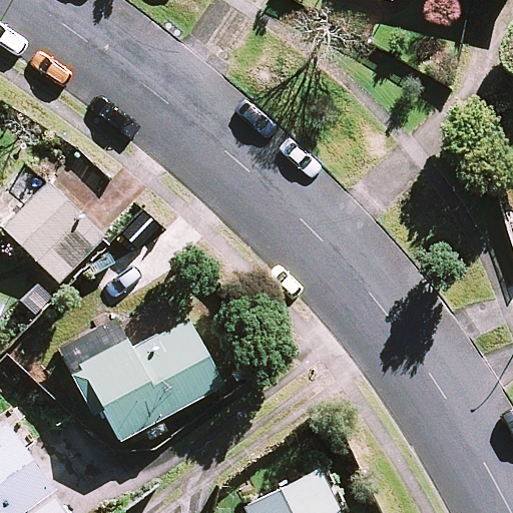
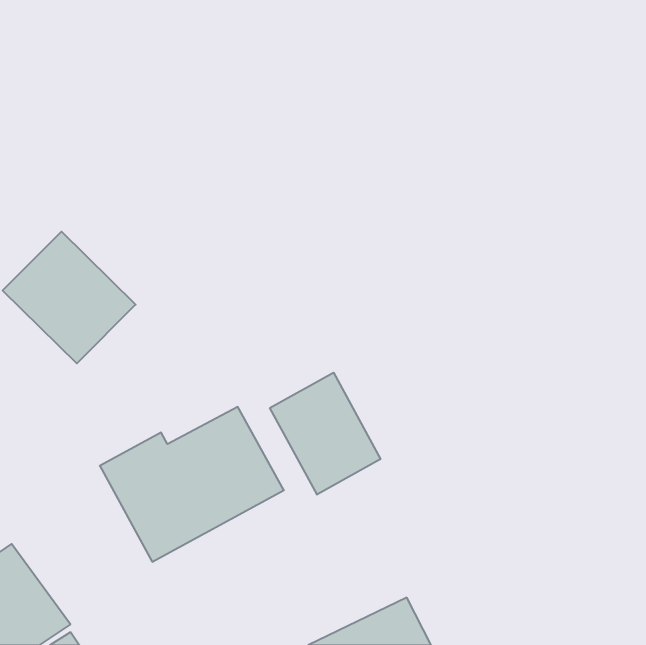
building: none -> [270,373,380,495]

